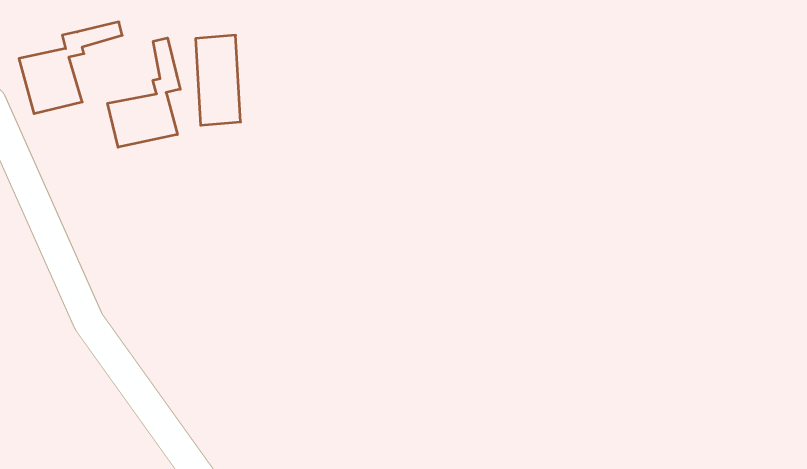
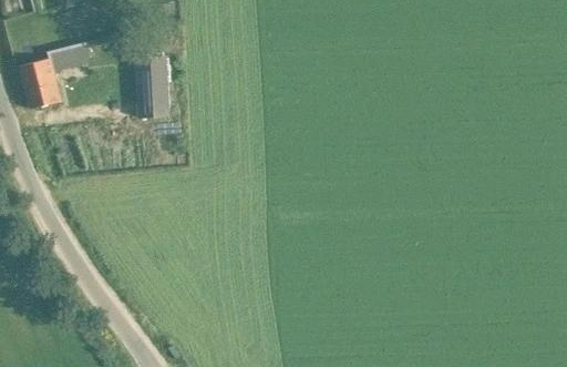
building: [108,38,180,147] -> none

